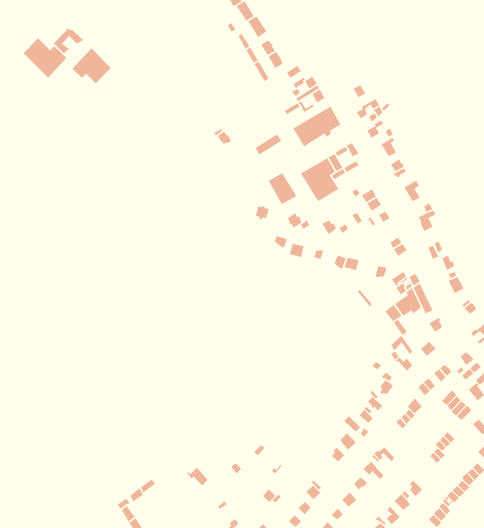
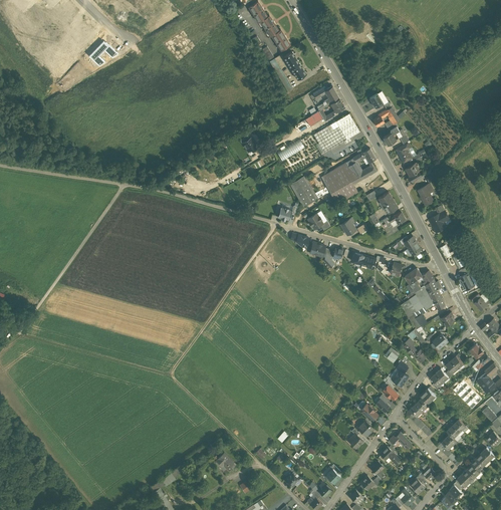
building: [23,38,67,78] -> none
building: [72,47,112,84] -> none

